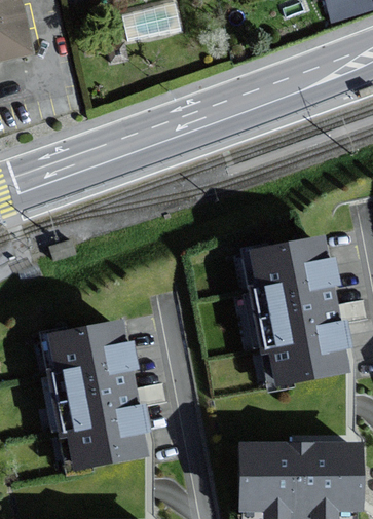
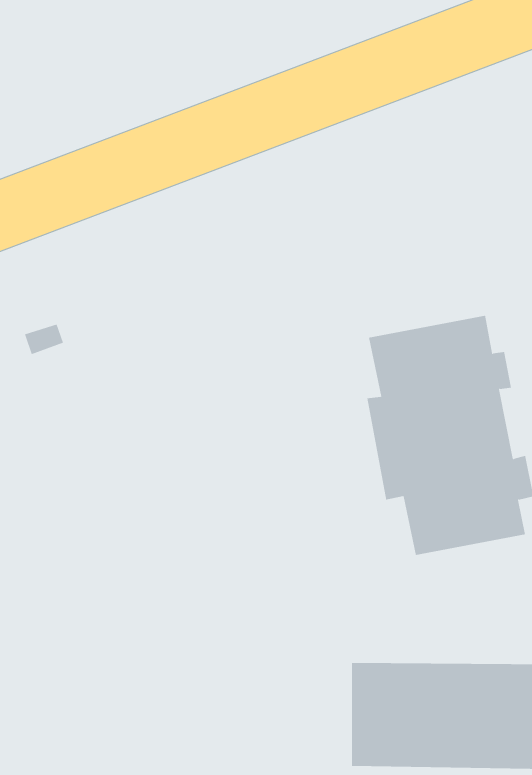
building: [50,321,149,464] -> none

